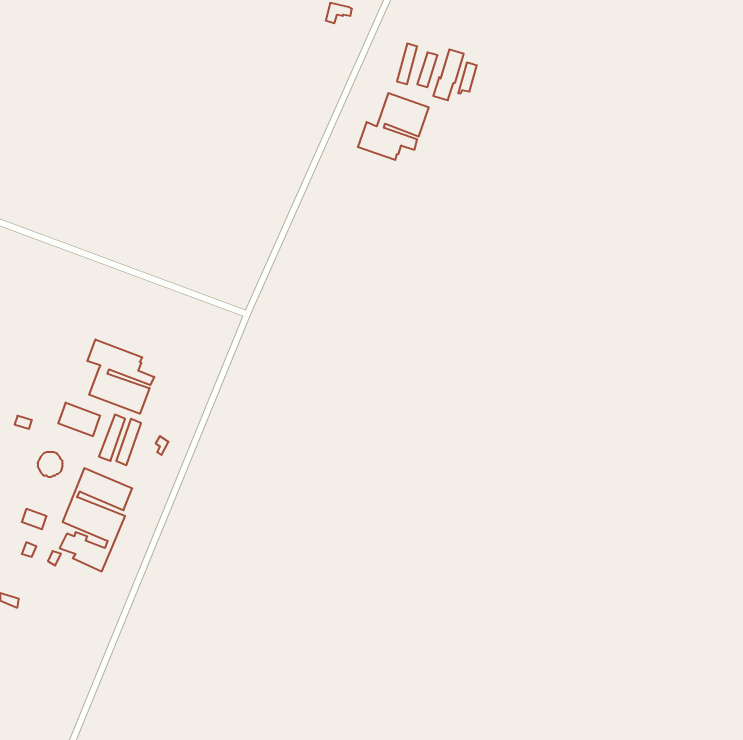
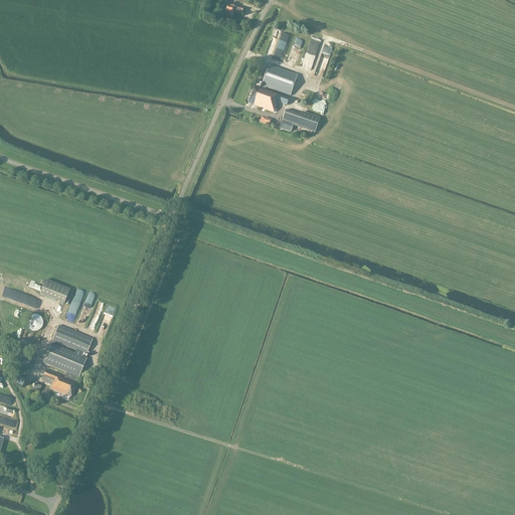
building: none -> [280,110,320,131]
building: [87,339,154,414] -> none

